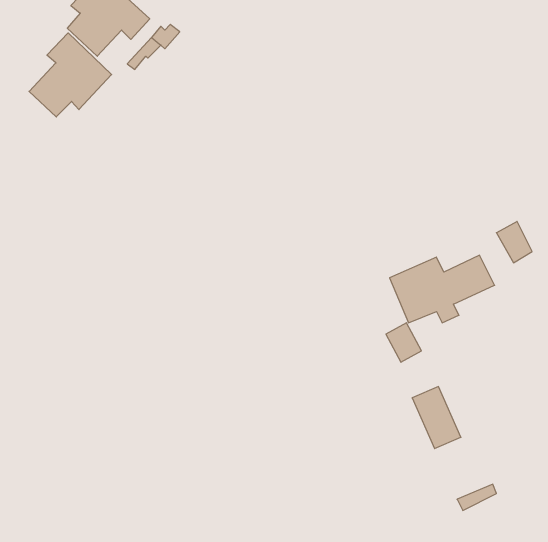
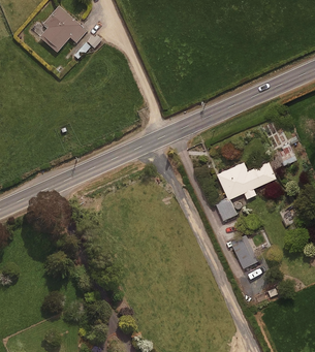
building: [29,33,112,117] -> none

